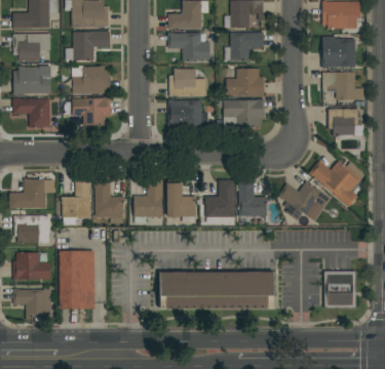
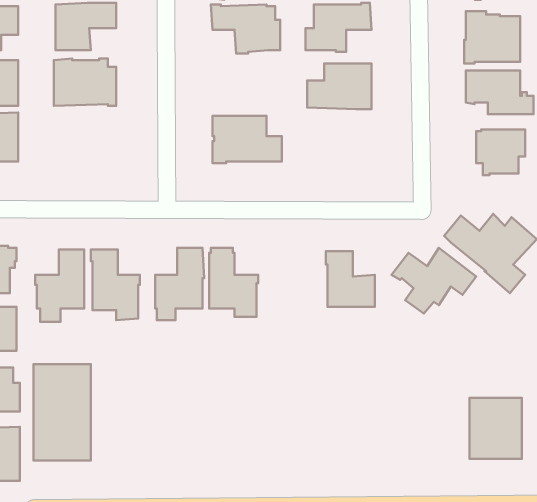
building: [169,69,206,96] -> none
building: [72,97,111,125] -> none
building: [224,99,265,127] -> none
building: [204,180,235,223] -> none
building: [159,272,273,309] -> none

